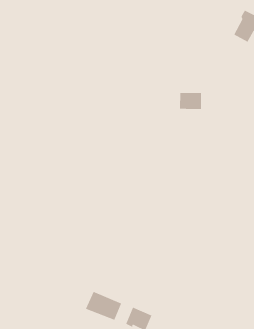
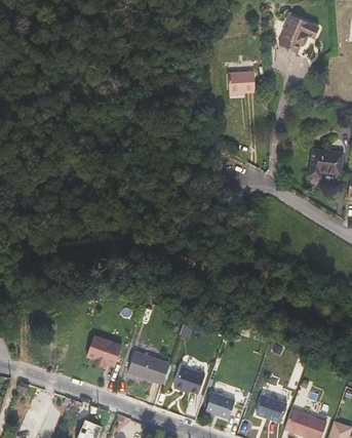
building: [179,92,202,110] -> [228,72,255,92]
building: none -> [88,332,123,362]

